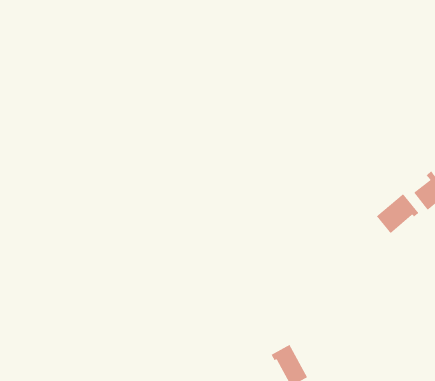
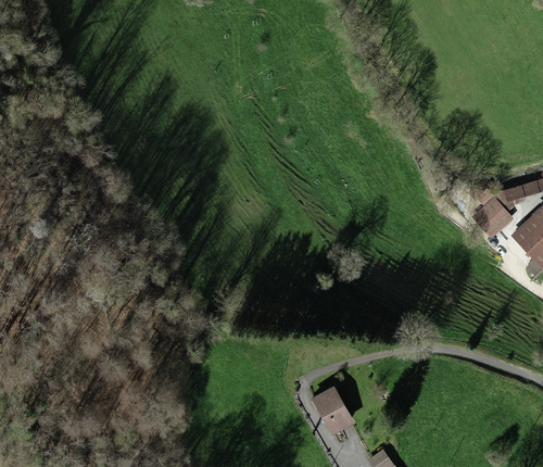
building: [376,193,420,234] -> none

